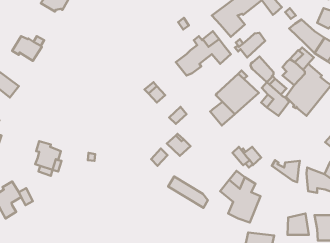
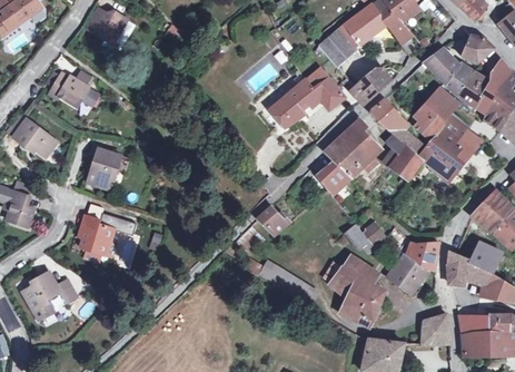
building: none -> [87,148,121,188]
building: none -> [387,252,427,292]

